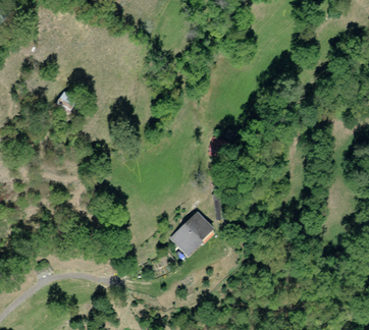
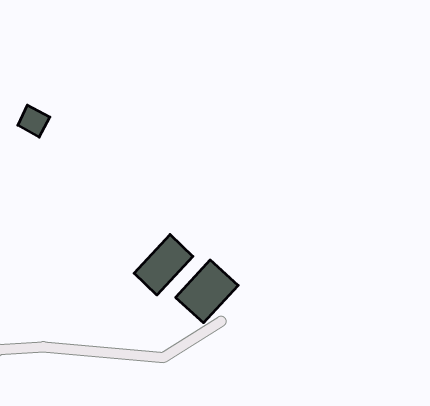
building: none -> [134,234,193,295]

